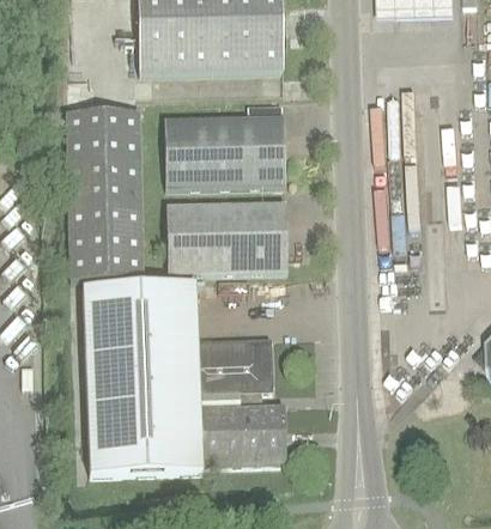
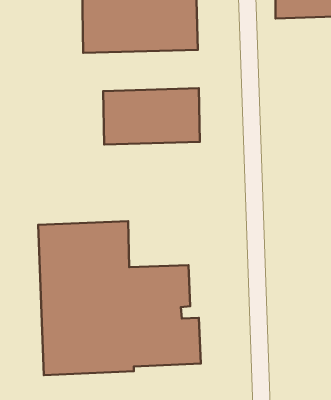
building: [67,110,143,279] -> none
building: [166,202,287,272] -> none

